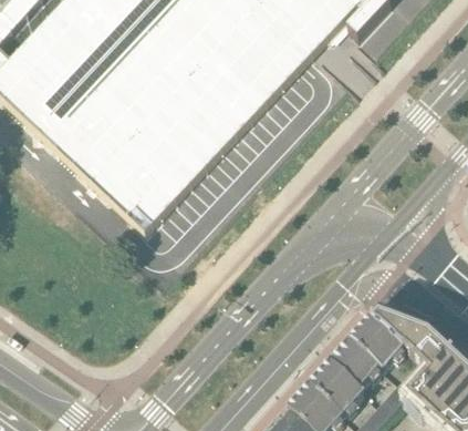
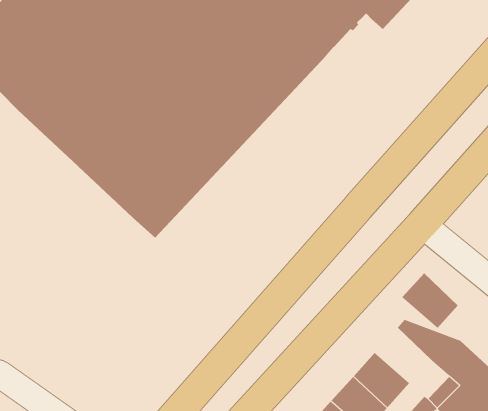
building: [351,312,404,366] -> [402,272,459,329]

